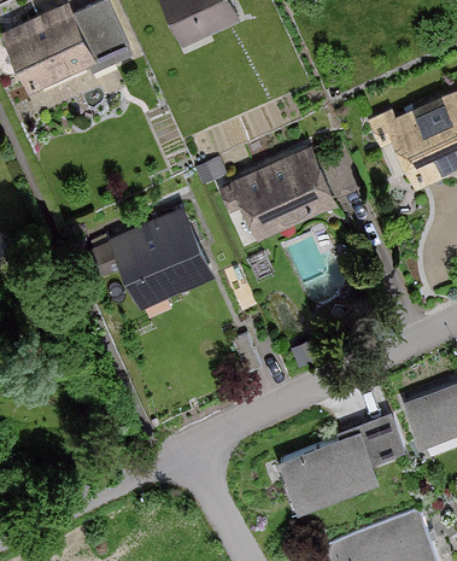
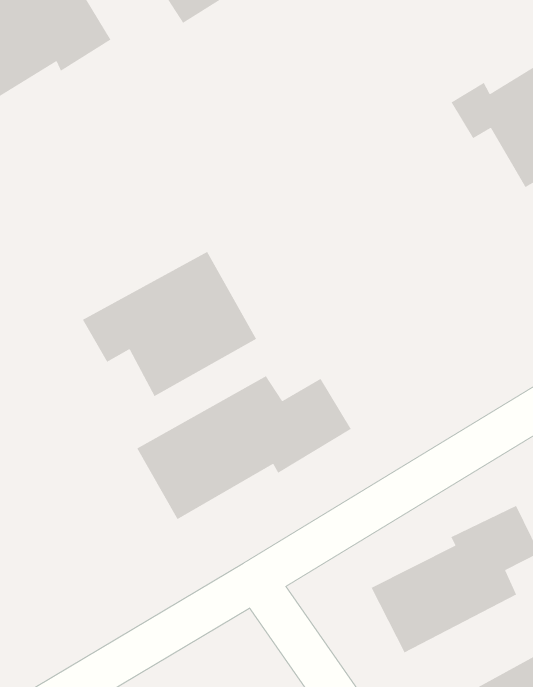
building: [218,147,335,241] -> none
building: none -> [136,375,352,520]

